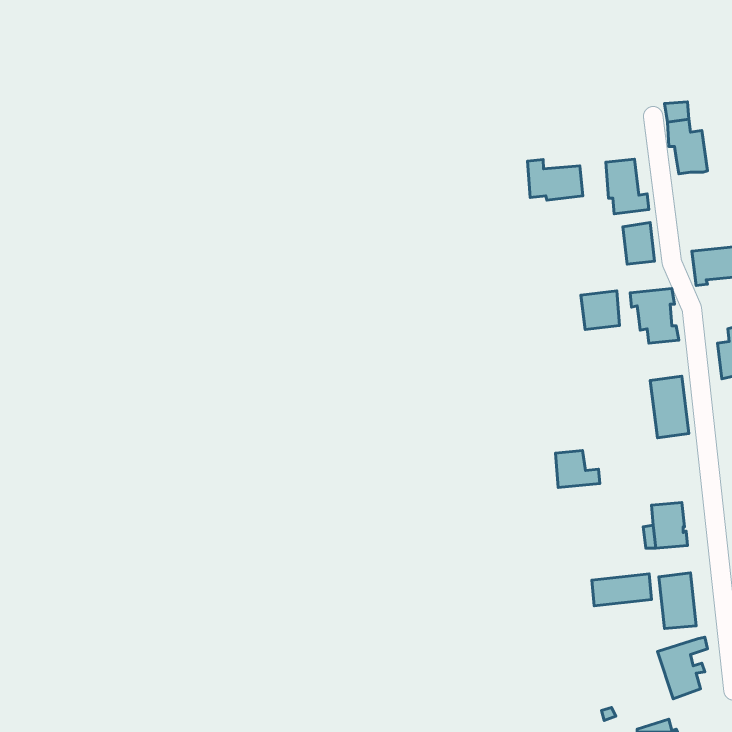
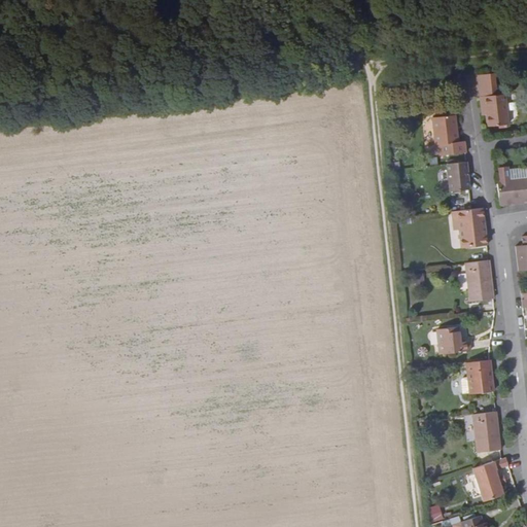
building: [527,160,583,200] -> none
building: [581,291,620,329] -> none
building: [555,450,600,488] -> [438,326,470,353]
building: [592,574,652,606] -> none

